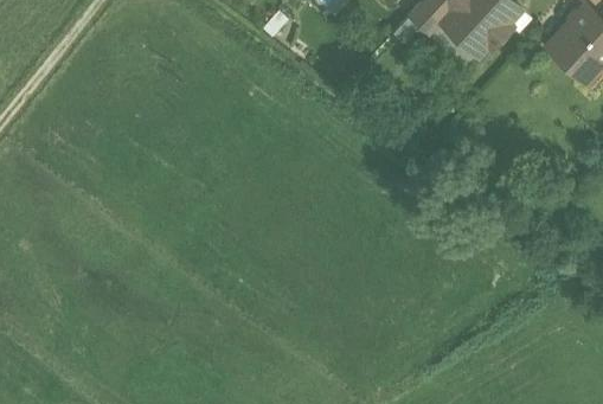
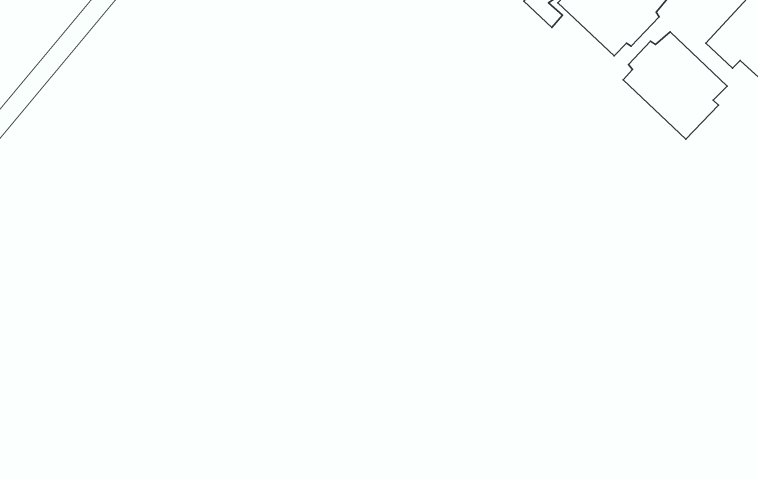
building: none -> [623,32,727,139]

